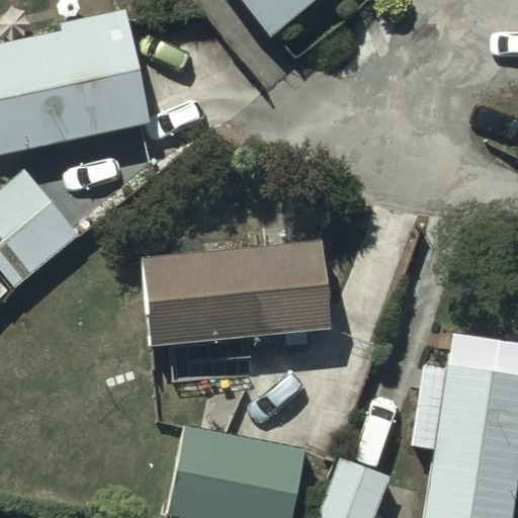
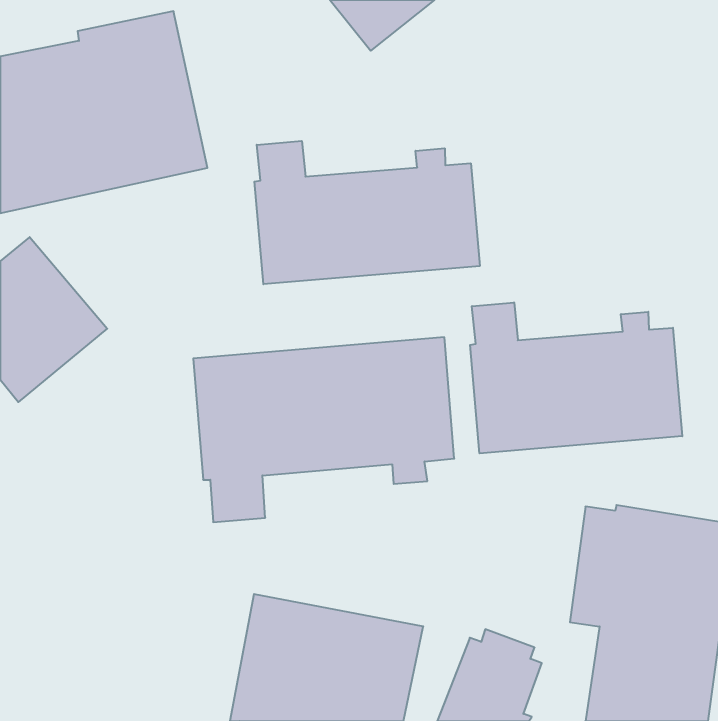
building: none -> [254,141,480,284]
building: none -> [470,302,682,453]

